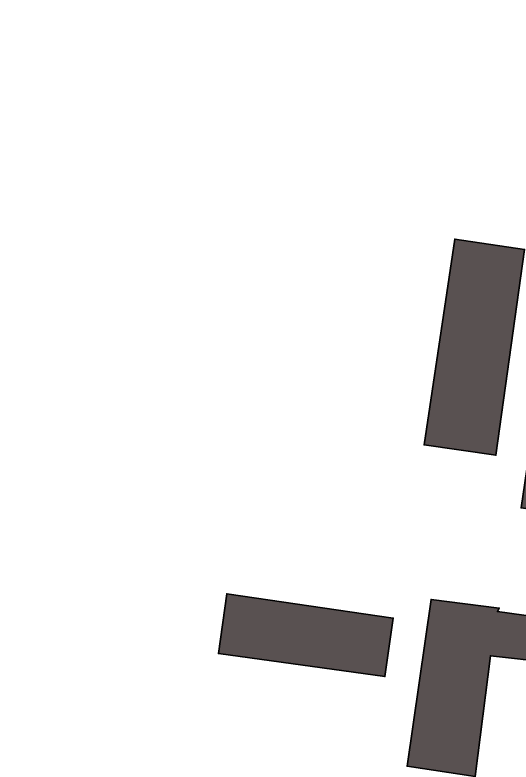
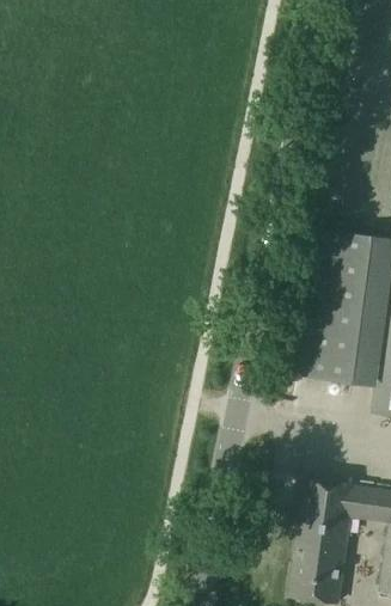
building: [218,594,393,676] -> none

